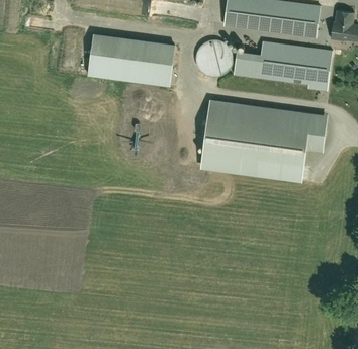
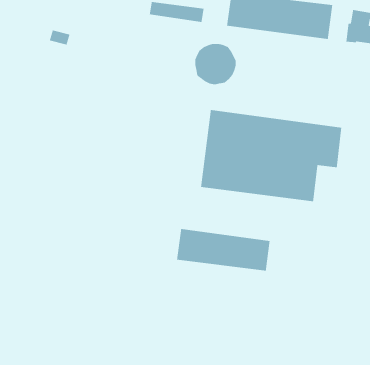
building: [89,33,177,86] -> none
building: [234,41,331,91] -> none
building: none -> [176,228,270,272]

